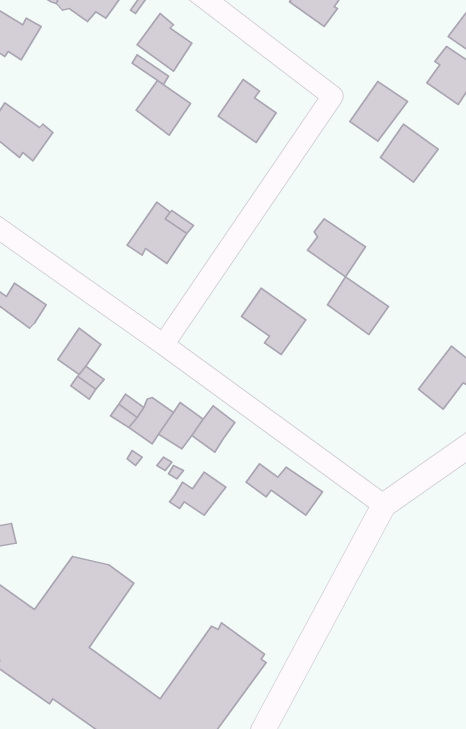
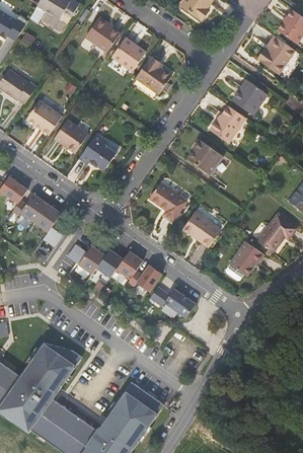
building: [136,80,191,135] -> [111,33,145,67]
building: [350,82,408,141] -> [212,105,247,142]
building: none -> [25,98,60,133]
building: none -> [53,119,85,150]
building: [327,277,389,335] -> [184,211,222,246]
building: none -> [14,195,50,224]
building: none -> [225,243,263,282]
building: [169,472,226,515] -> [130,267,164,293]

